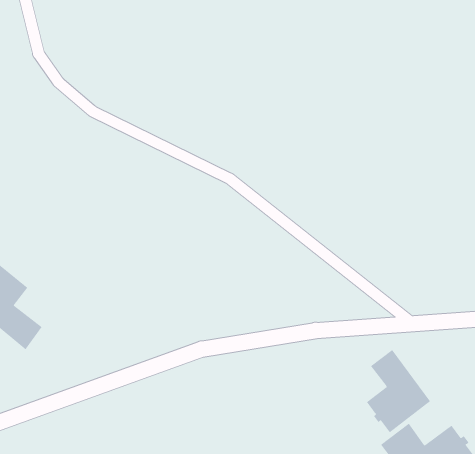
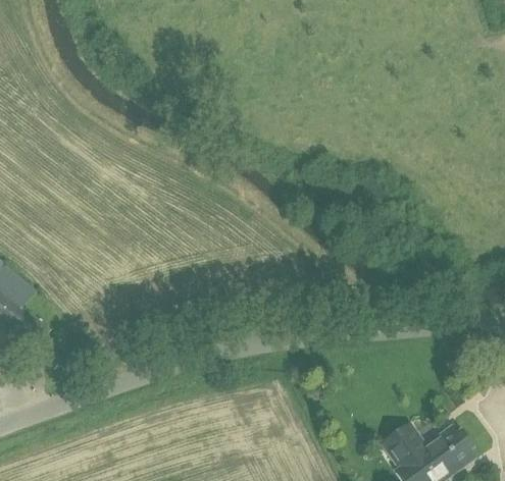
building: [366,349,431,433] -> none

